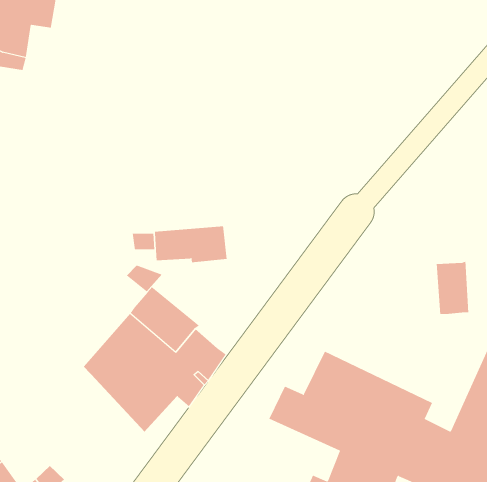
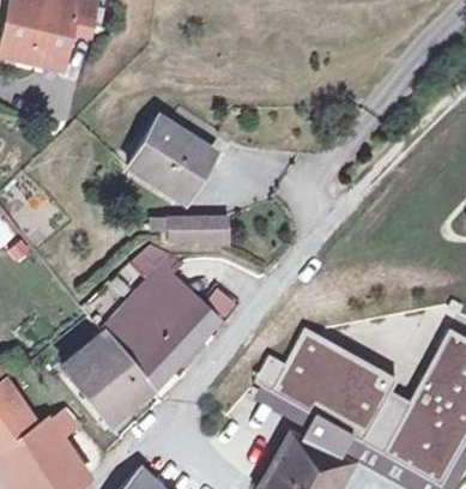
building: none -> [128,107,223,199]
building: [436,261,469,315] -> none
building: none -> [63,336,149,423]

